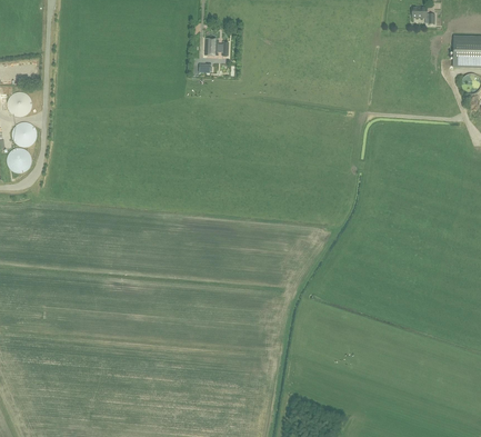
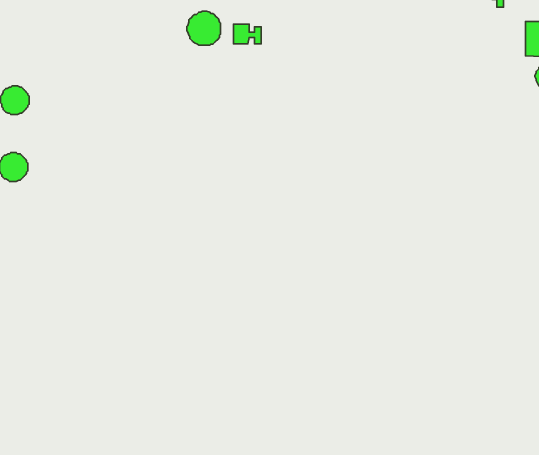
building: none -> [187,11,221,45]
building: [12,121,37,146] -> none

